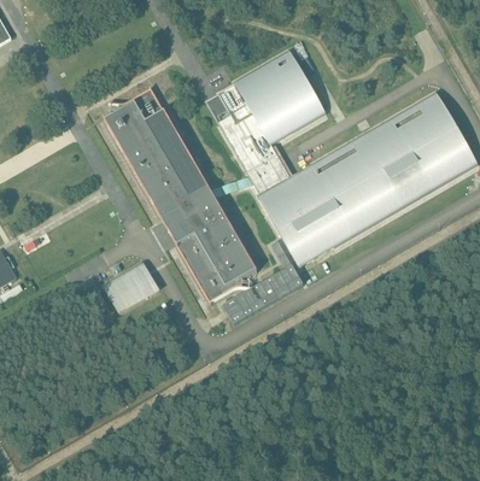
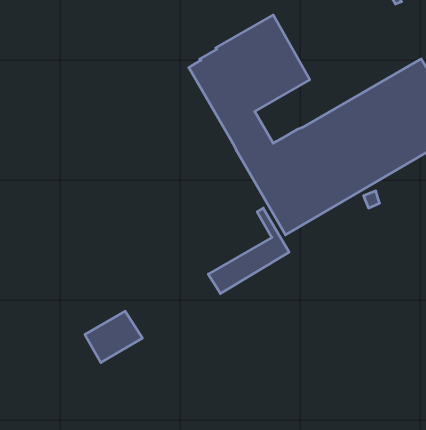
building: [105,87,256,300] -> none
building: [104,263,160,313] -> [85,311,142,363]

